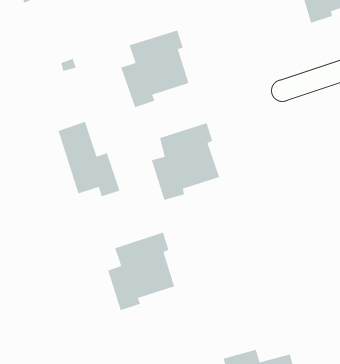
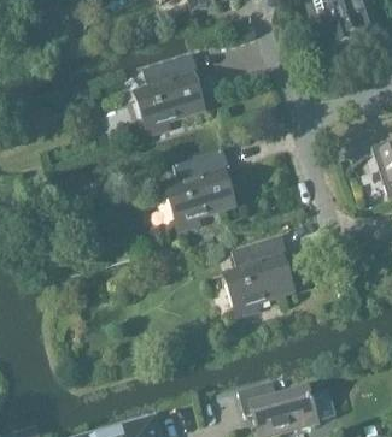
building: [58,121,121,197] -> none
building: [107,232,175,311] -> [224,235,294,317]

